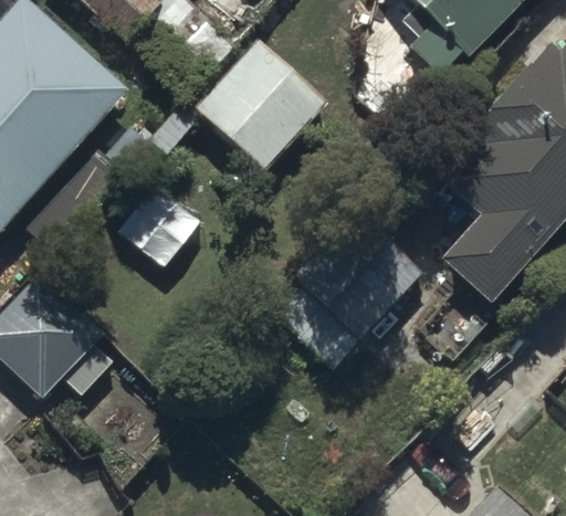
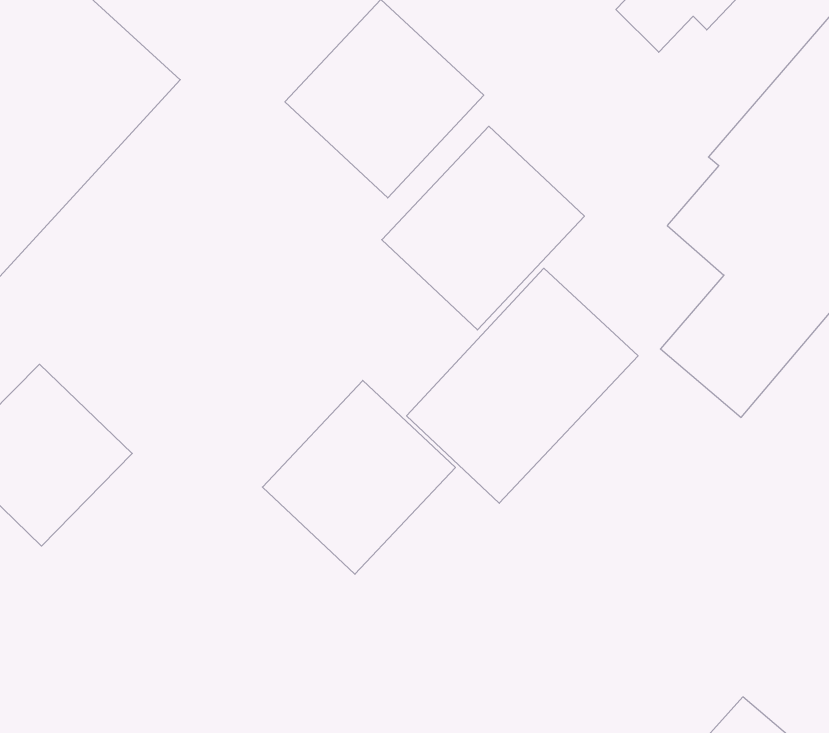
building: none -> [382,126,584,330]
building: none -> [262,380,455,574]

